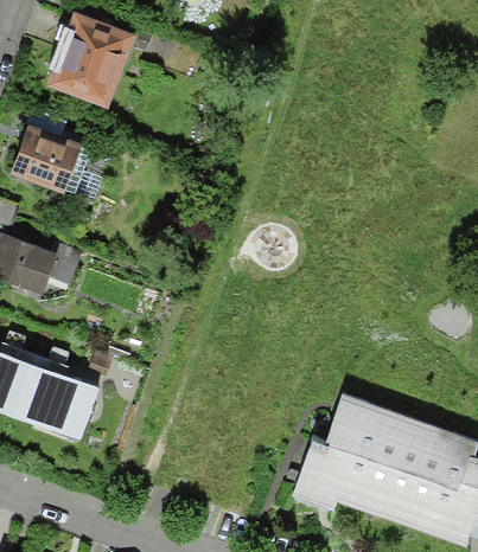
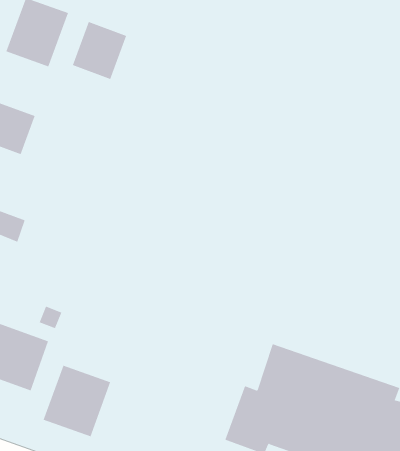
building: none -> [72,21,127,80]
building: none -> [43,365,111,437]

